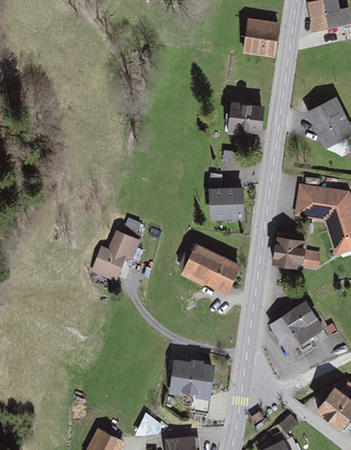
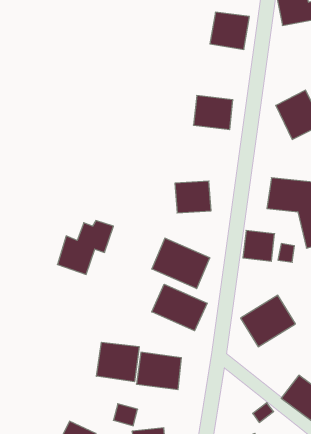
building: none -> [152,284,207,331]
building: none -> [96,342,139,382]

